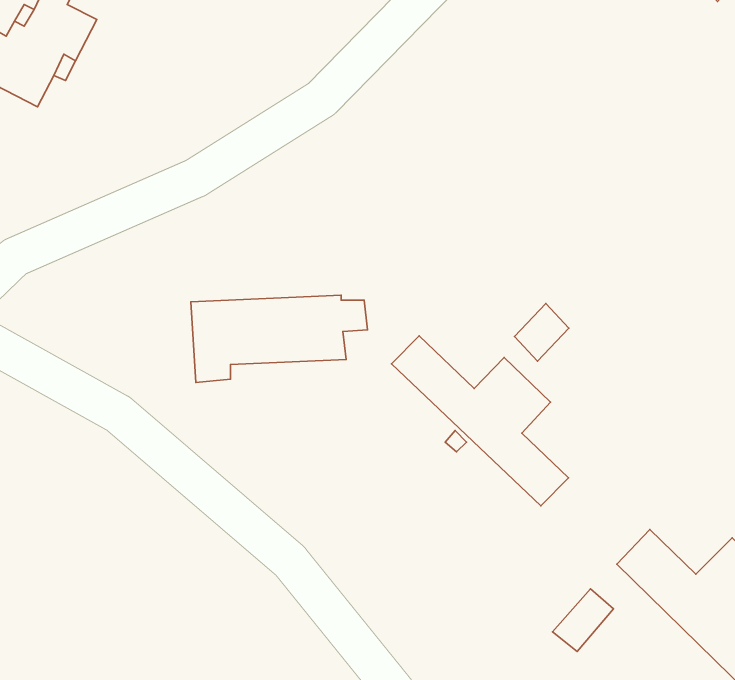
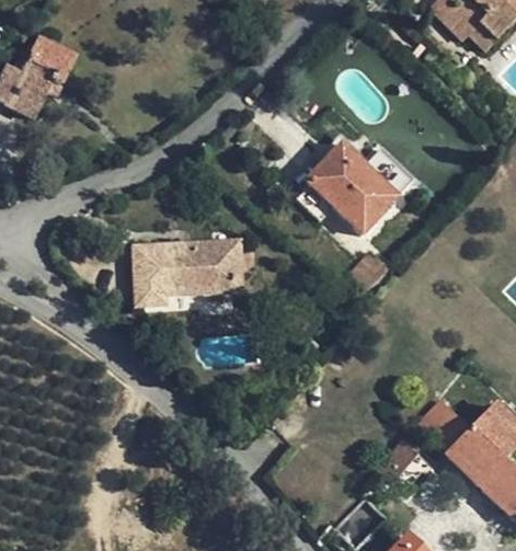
building: none -> [306,144,394,232]
building: [392,336,568,506] -> none

